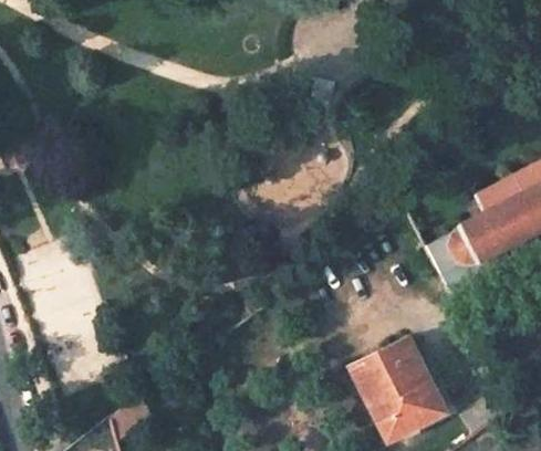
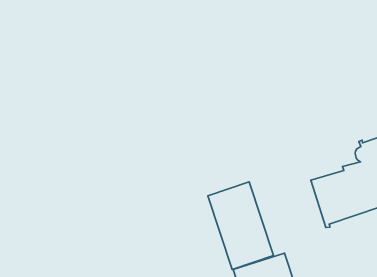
building: none -> [208,182,273,270]

